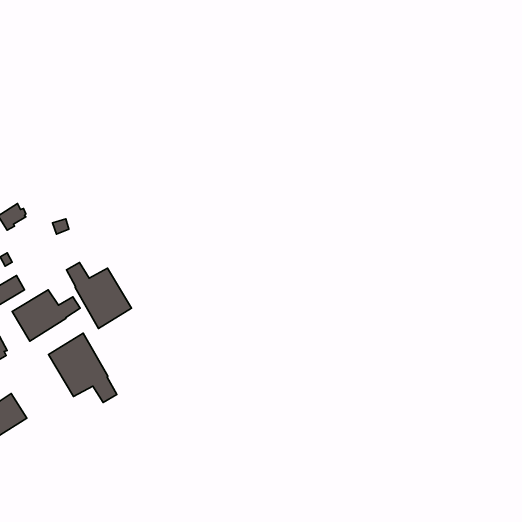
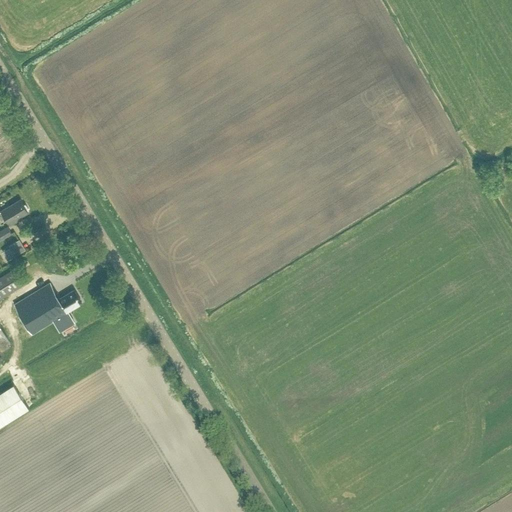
building: [66,262,131,328] -> none
building: [48,333,117,402] -> none

